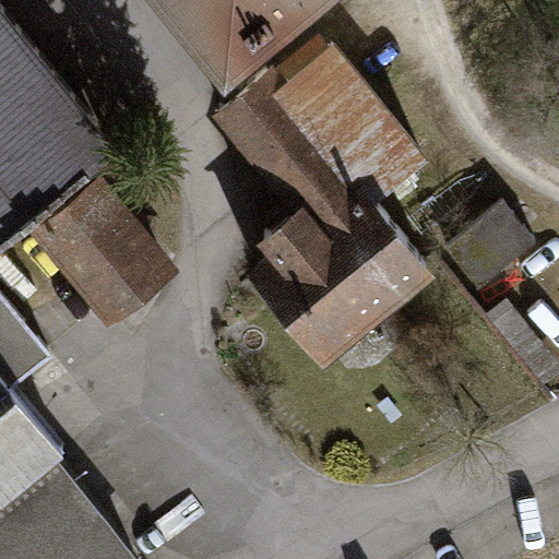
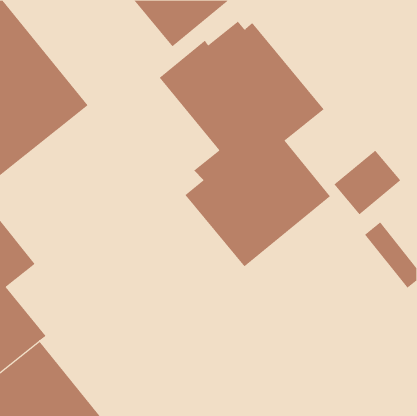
building: [25,177,175,331] -> none

